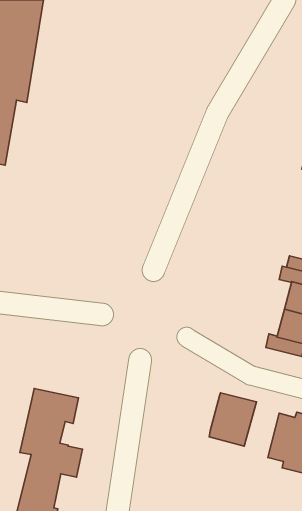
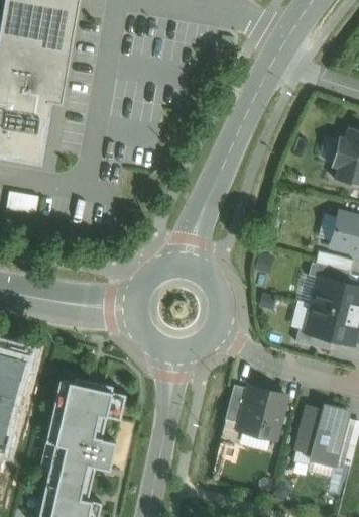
building: none -> [225,386,249,424]

